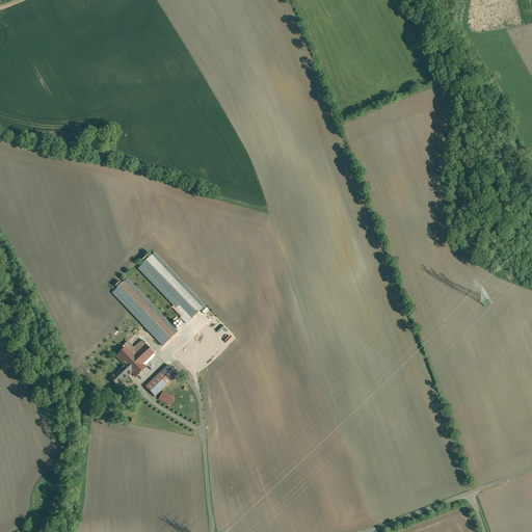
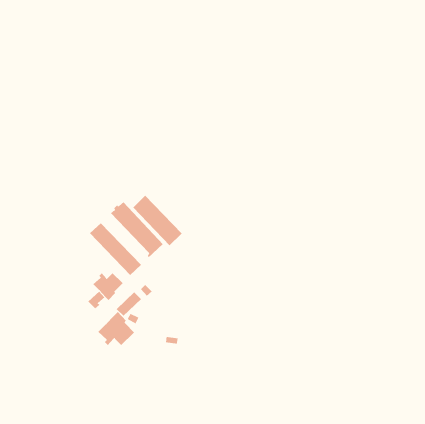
building: none -> [132,195,182,246]
building: none -> [97,311,135,346]

